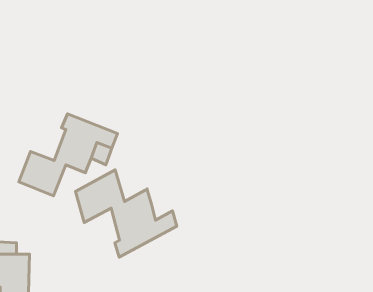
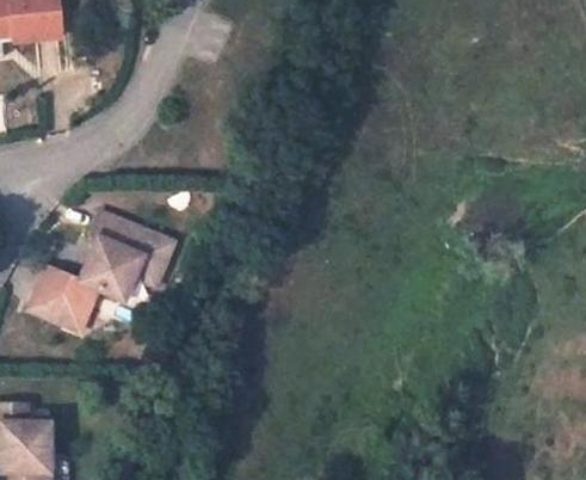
building: [76,170,177,257] -> none

